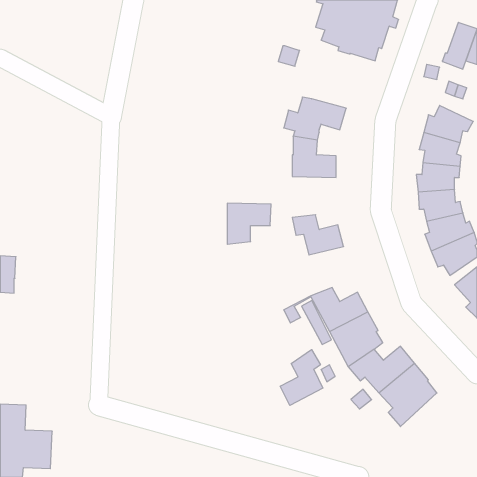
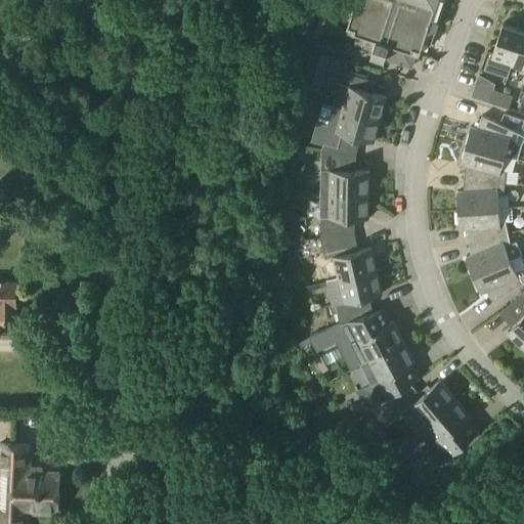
building: none -> [340,73,386,119]
building: [227,203,271,244] -> [320,193,368,238]
building: none -> [336,270,382,324]
building: [280,350,323,405] -> none

